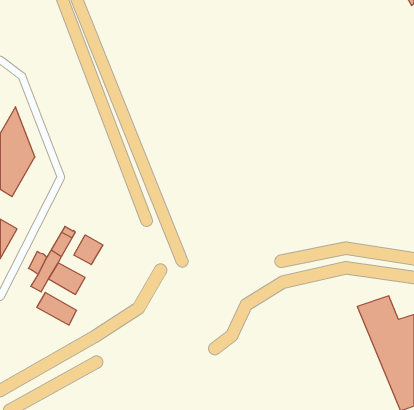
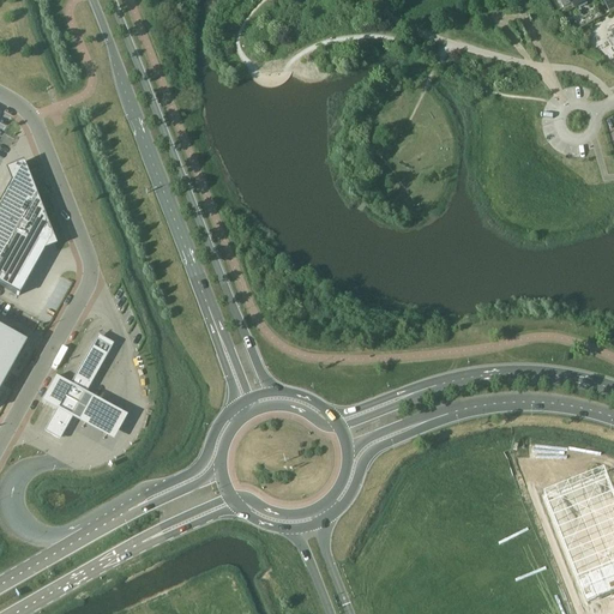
building: [74,235,103,265] -> none
building: [37,292,77,325] -> none

